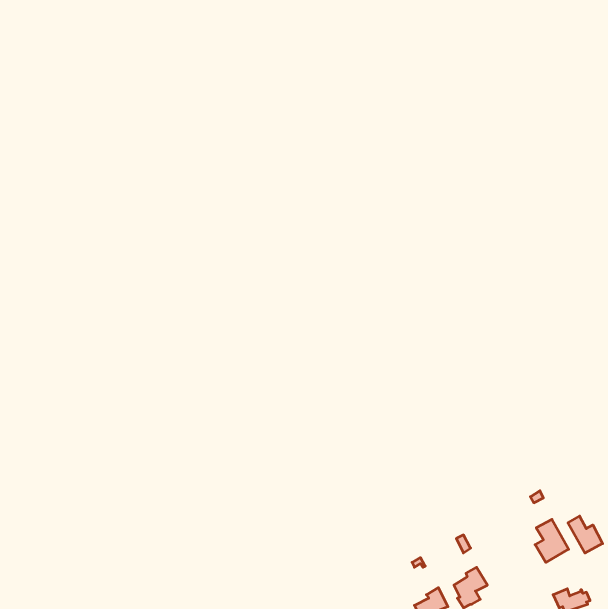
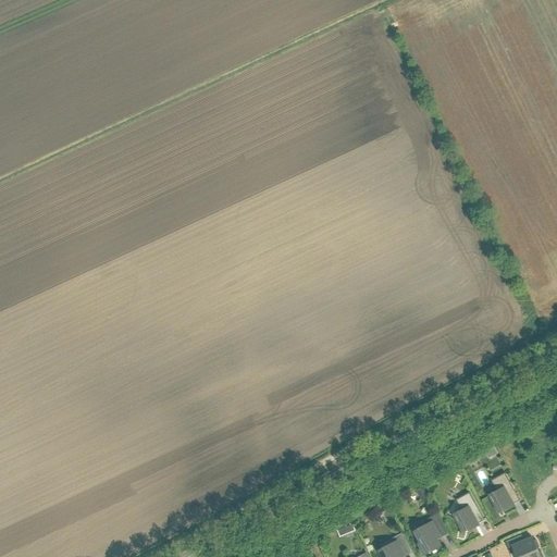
building: [568,516,603,553] -> none
building: none -> [453,494,483,533]

